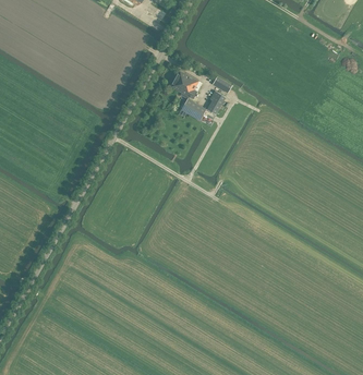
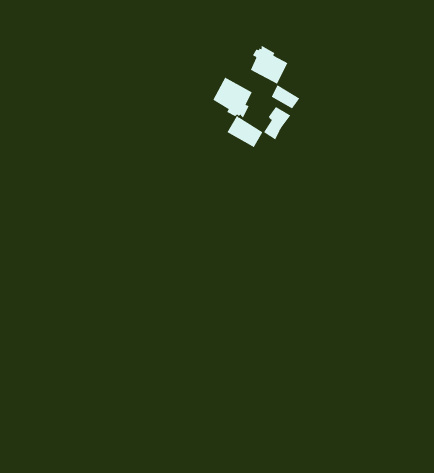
building: none -> [250,45,288,85]

